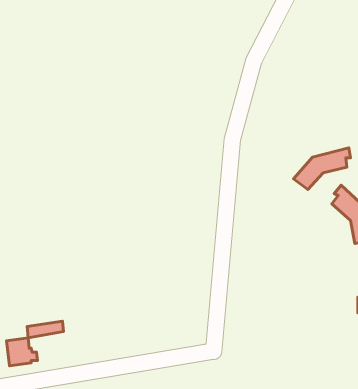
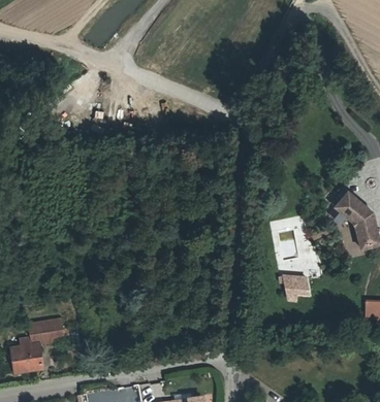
building: [293,148,350,190] -> none
building: none -> [277,275,304,300]

